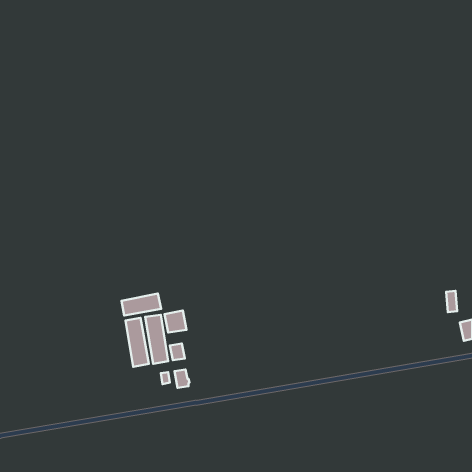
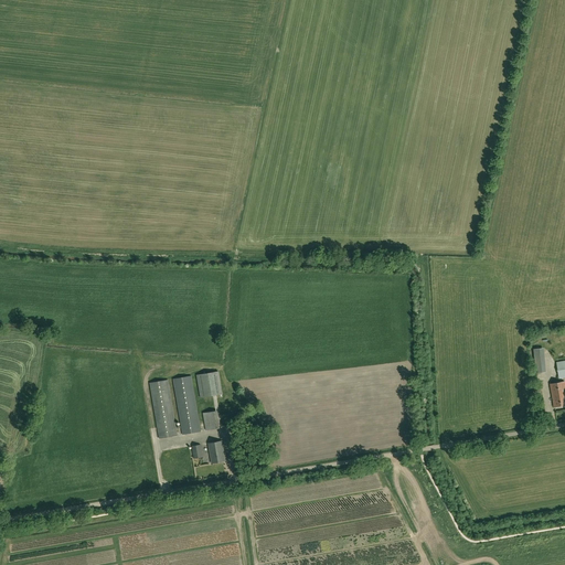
building: [122,294,161,316] -> none

